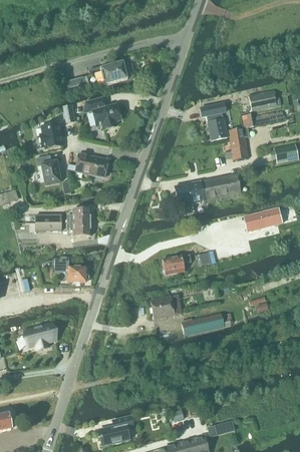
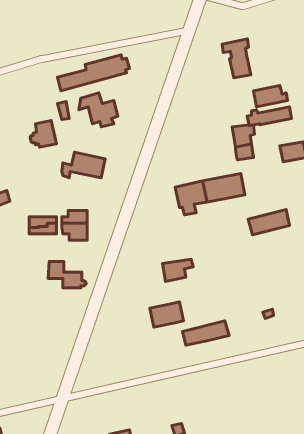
building: [201,103,228,140] -> [222,39,251,78]
building: [36,155,60,185] -> none
building: [24,324,56,350] -> none

